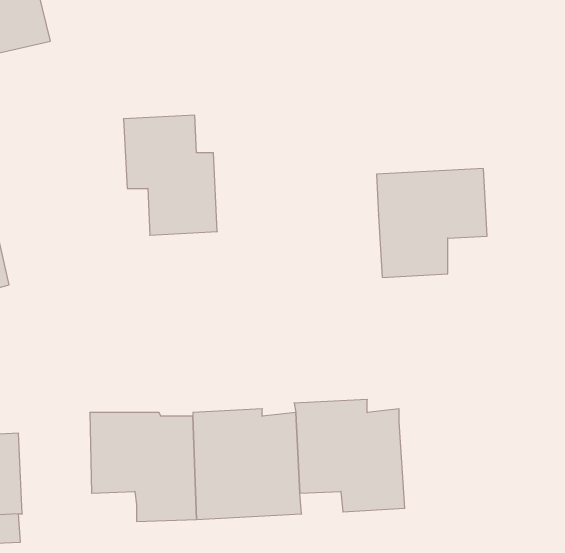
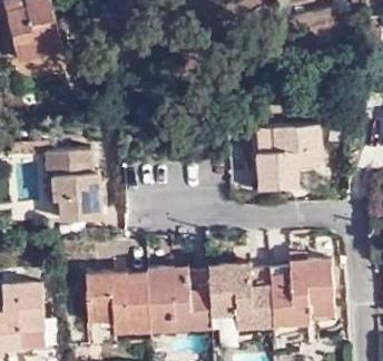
building: [123,115,217,235] -> [45,149,100,221]
building: none -> [268,258,333,326]

